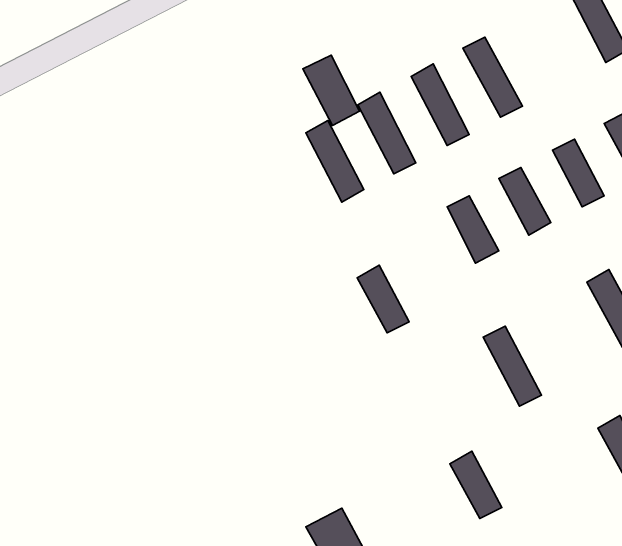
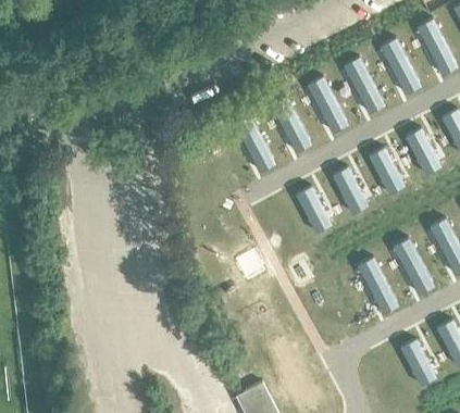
building: none -> [381,38,421,95]
building: [303,55,359,125] -> none
building: [357,265,409,333] -> [296,186,332,233]
building: none -> [394,238,434,295]
building: [450,451,502,519] -> [400,339,436,386]

